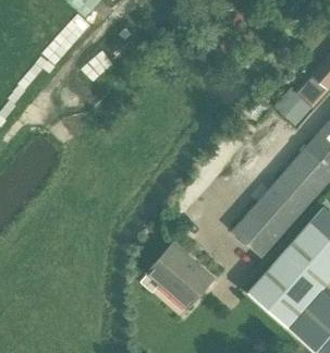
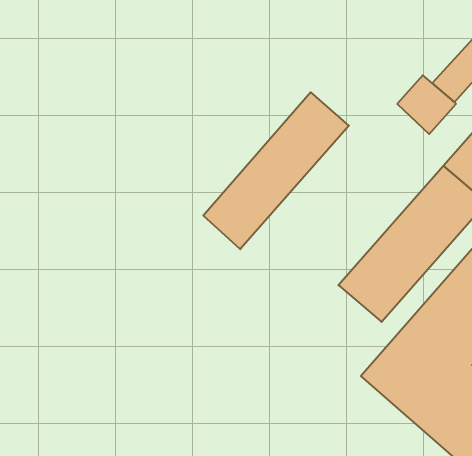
building: none -> [203,92,349,249]
building: [148,245,211,307] -> none

